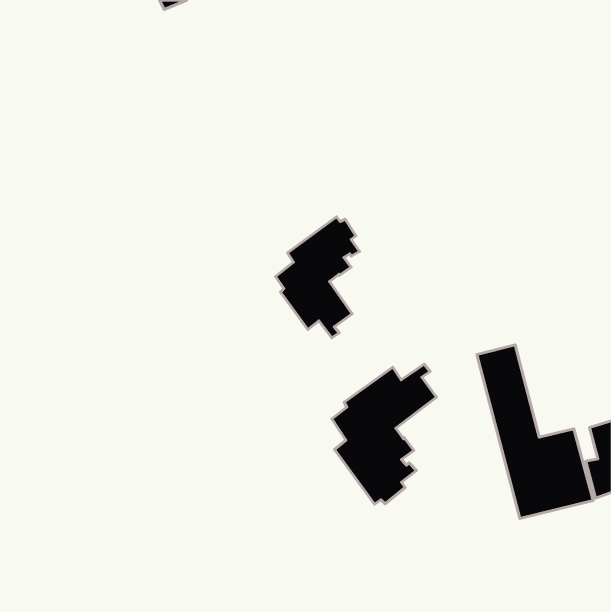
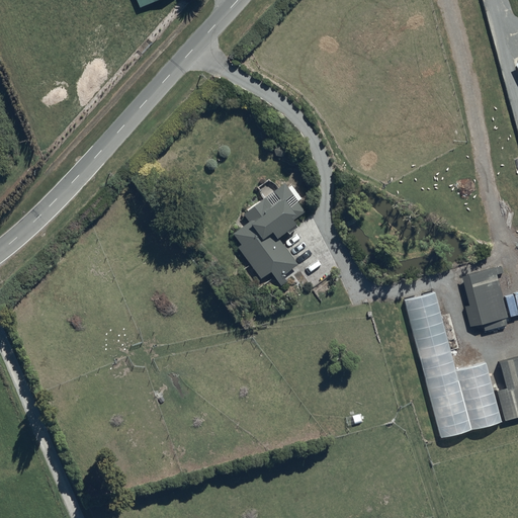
building: none -> [461,266,508,330]
building: [332,364,437,504] -> none

